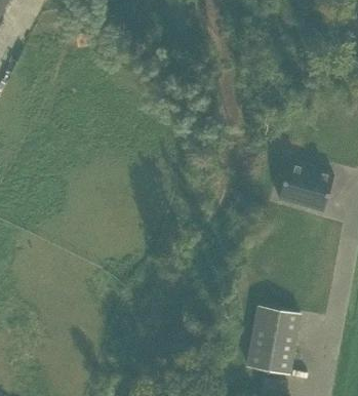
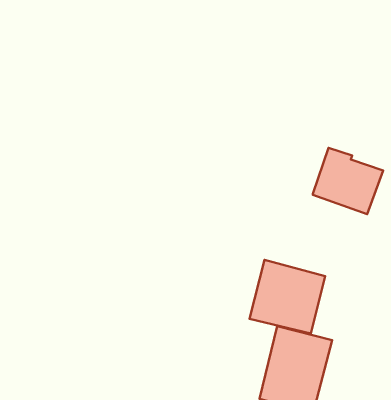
building: none -> [250,260,325,334]

